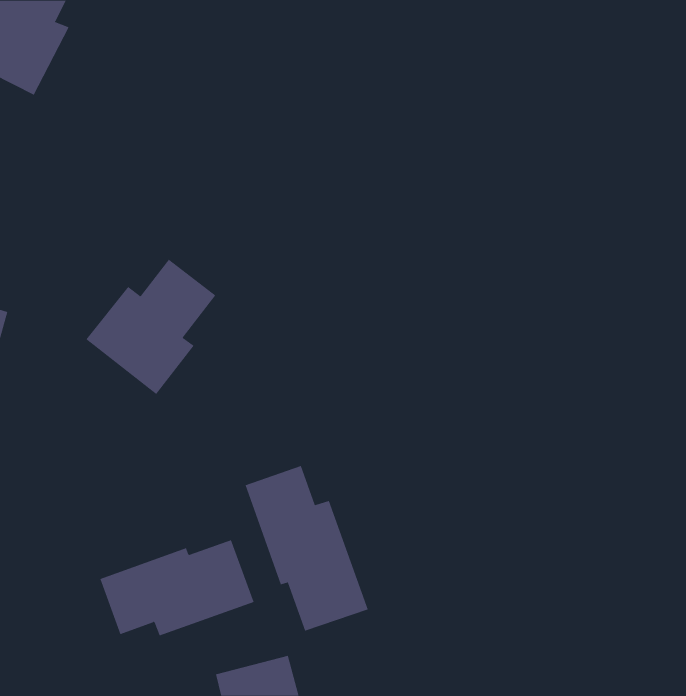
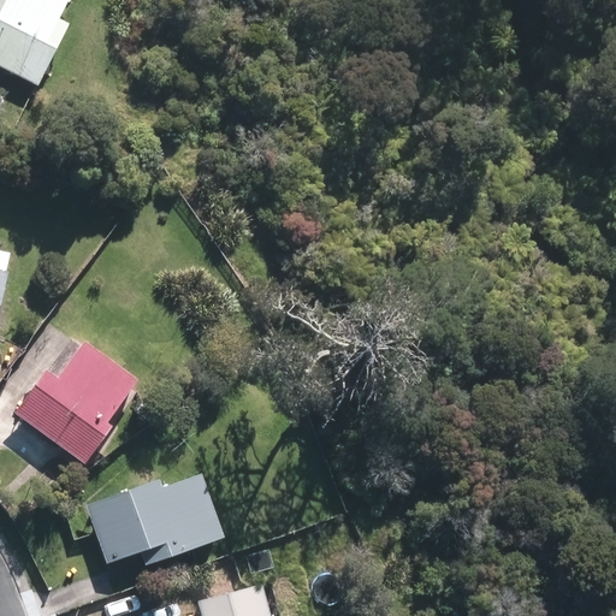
building: [86,259,216,395] -> [20,344,136,464]
building: [245,465,368,632] -> none

